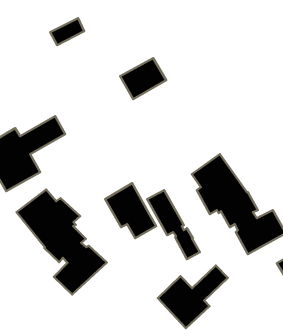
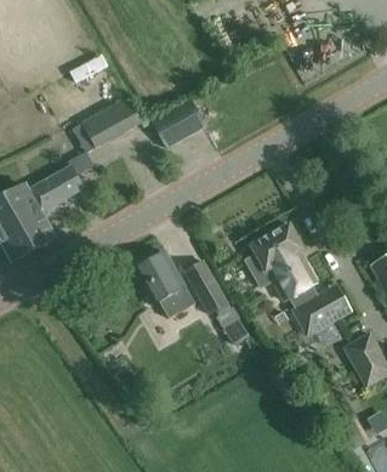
building: none -> [81,96,142,148]
building: [16,190,107,295] -> none
building: [158,266,228,328] -> none

